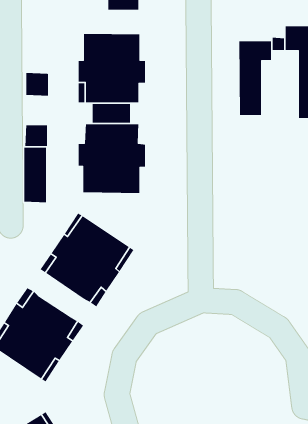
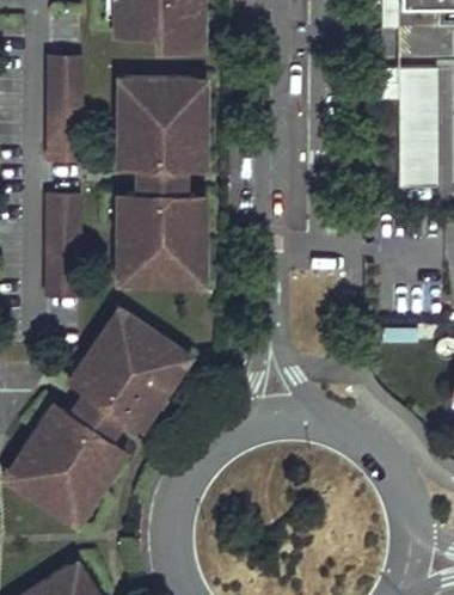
building: none -> [50,59,80,131]
building: [239,41,272,116] -> none
building: none -> [68,392,125,443]

